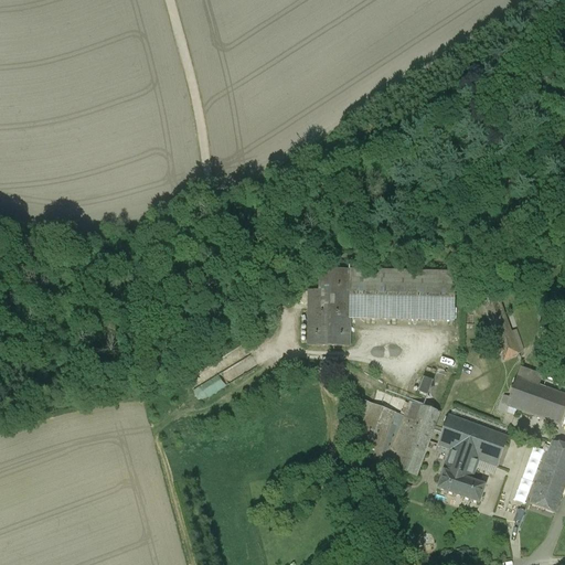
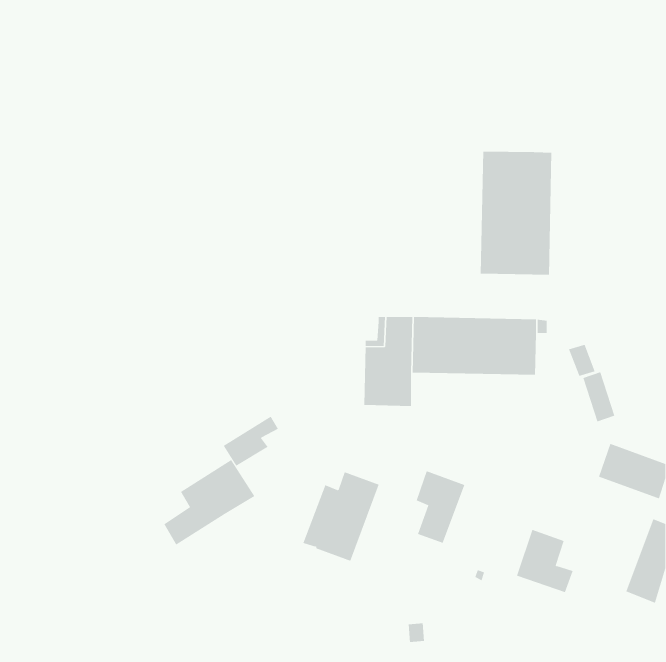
building: none -> [480,151,552,276]
building: none -> [163,459,255,546]
building: [375,399,440,476] -> [303,472,379,561]
building: [438,414,508,465] -> none

